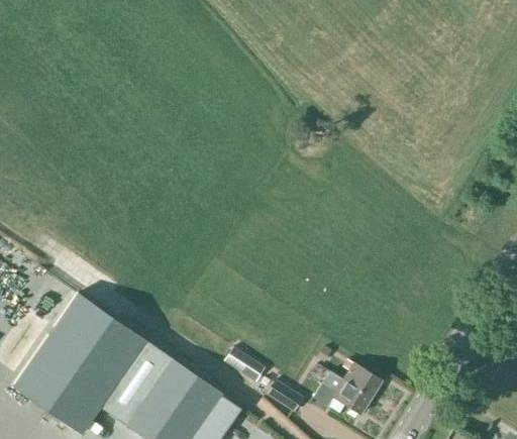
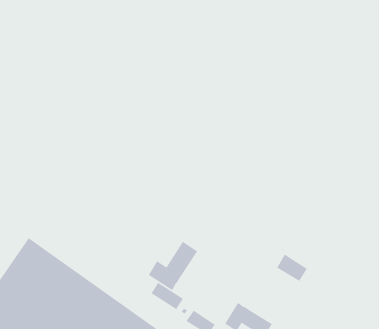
building: none -> [148,241,198,291]
building: [343,362,382,397] -> [276,253,308,282]

